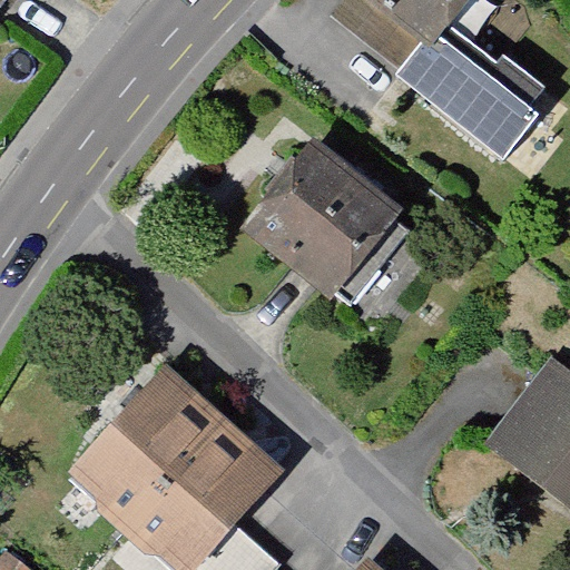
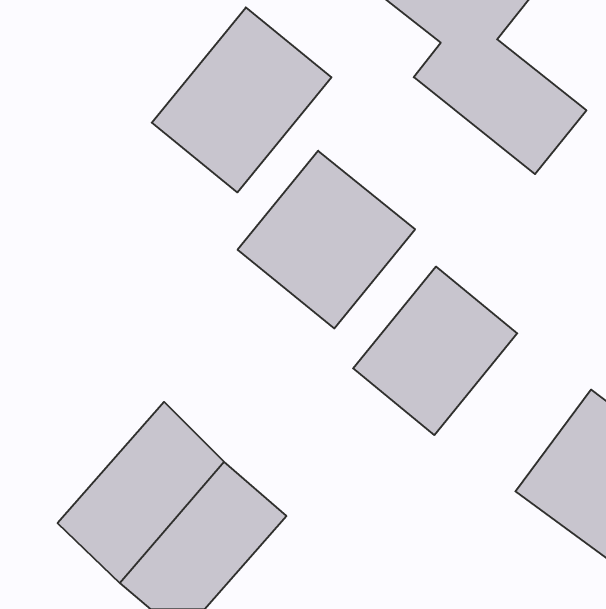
building: none -> [152,7,331,192]
building: none -> [353,267,517,435]

